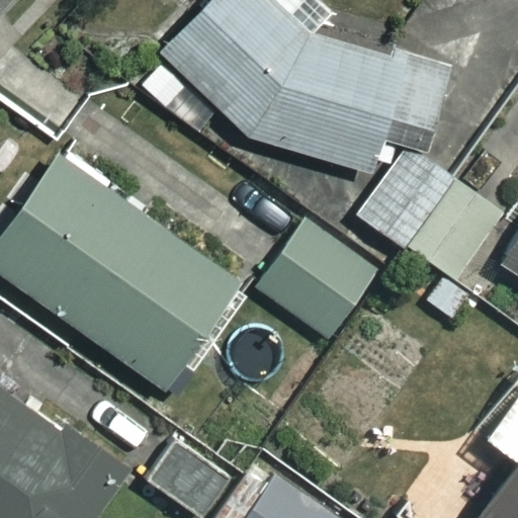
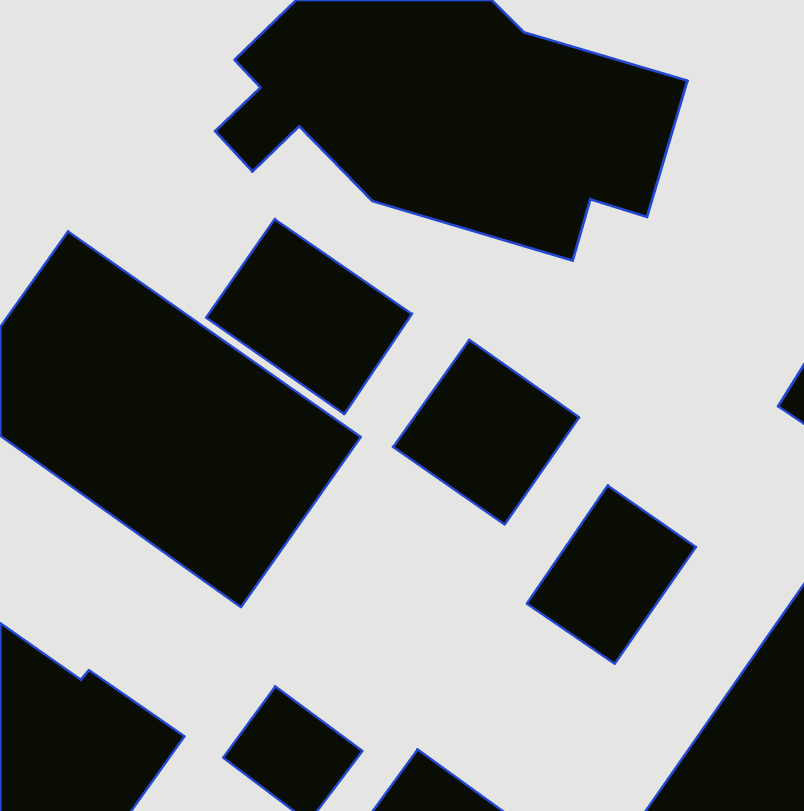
building: none -> [206,219,412,414]
building: [362,148,504,280] -> none
building: none -> [527,485,696,664]

